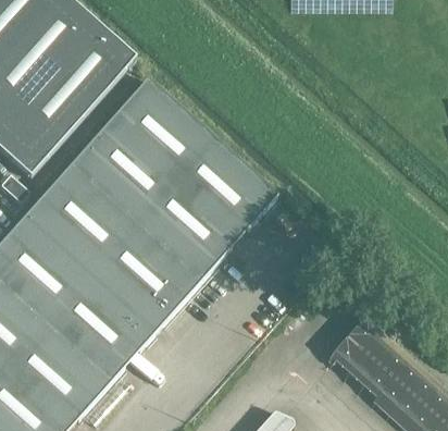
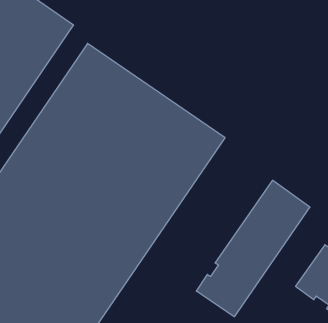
building: none -> [196,180,310,317]

